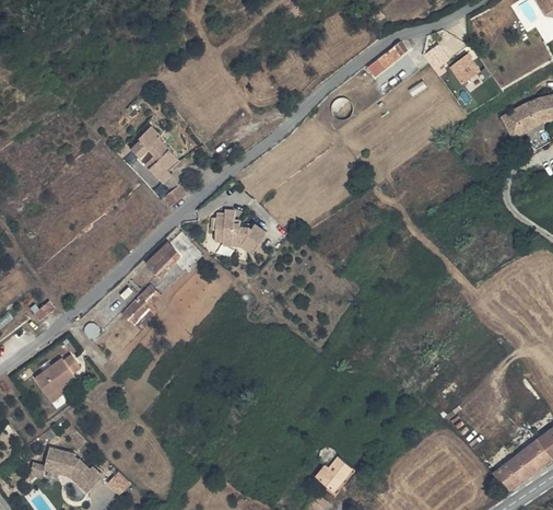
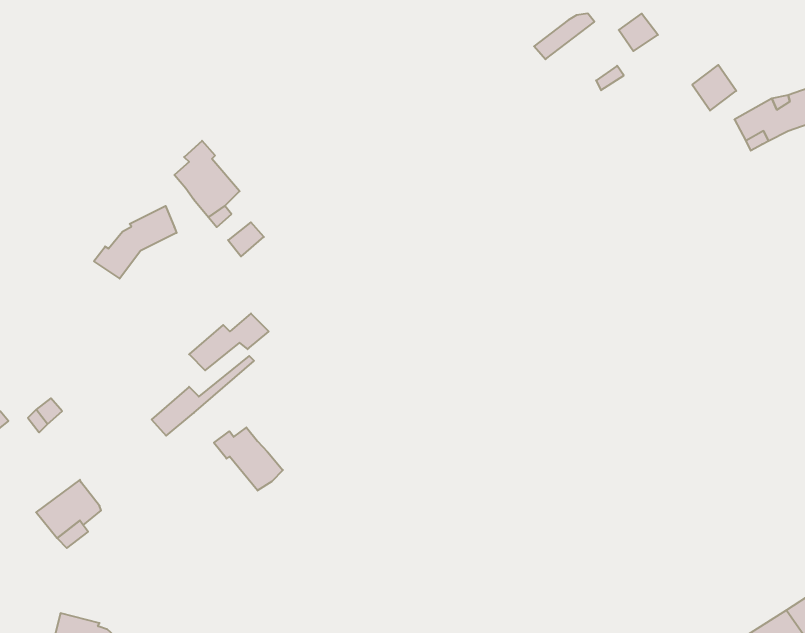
building: [452,53,482,83] -> [692,65,736,111]
building: none -> [94,206,177,279]
building: [214,208,271,257] -> none
building: none -> [214,427,283,491]

